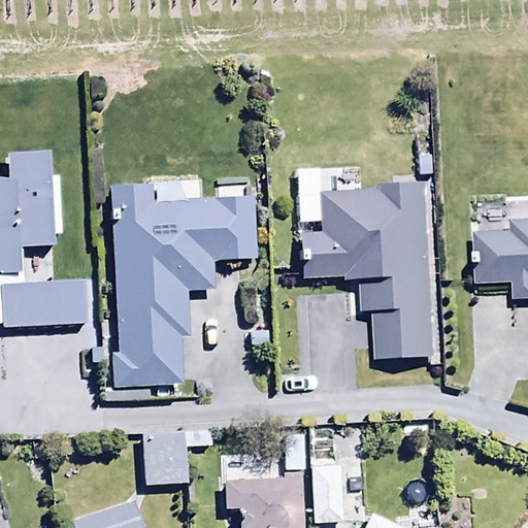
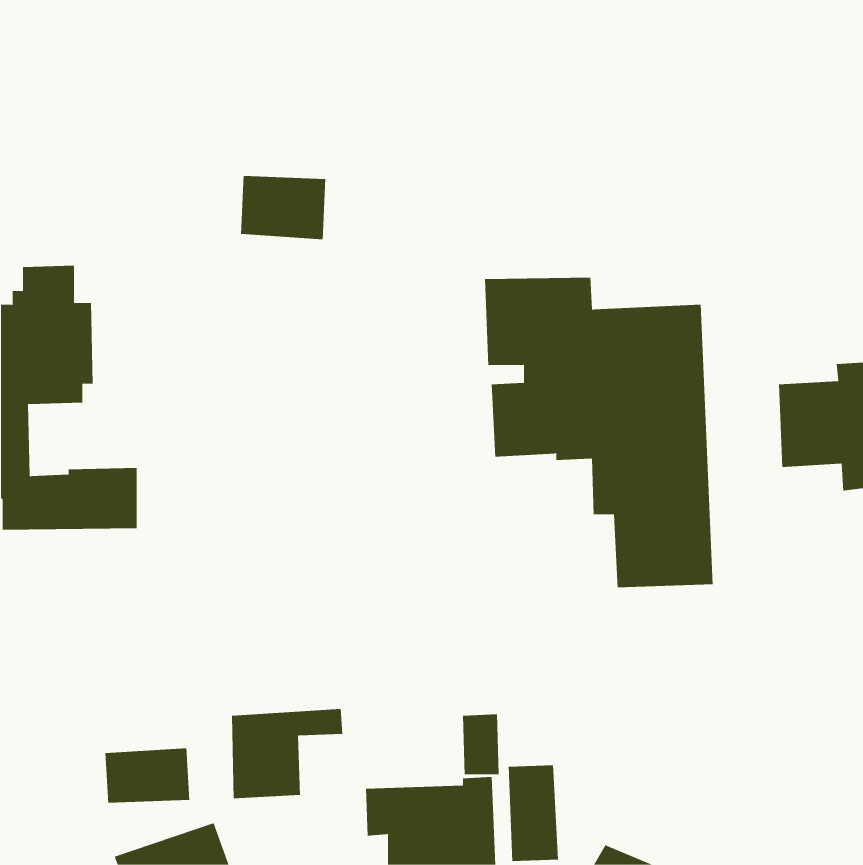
building: none -> [241,175,326,240]
building: [105,183,257,399] -> none
building: none -> [105,748,190,803]

